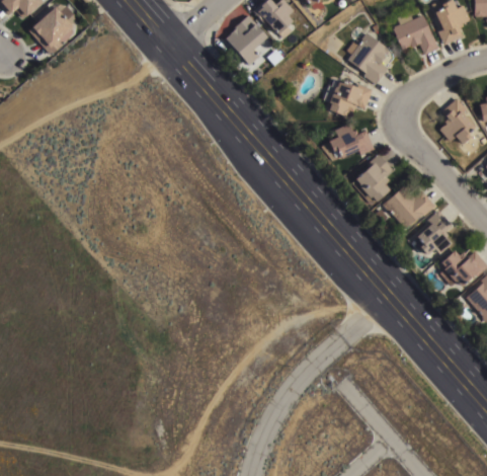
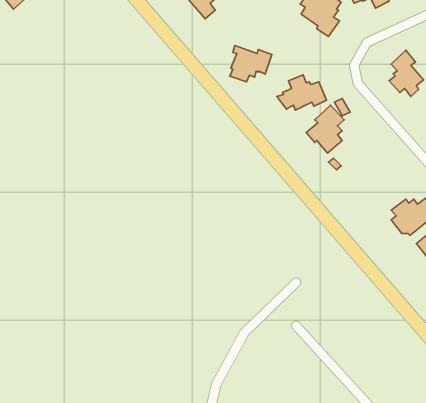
building: [328,79,372,116] -> [230,46,272,82]
building: [383,186,435,229] -> none
building: [411,210,455,256] -> none

